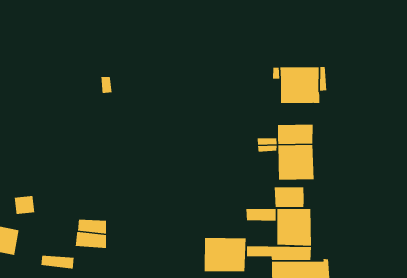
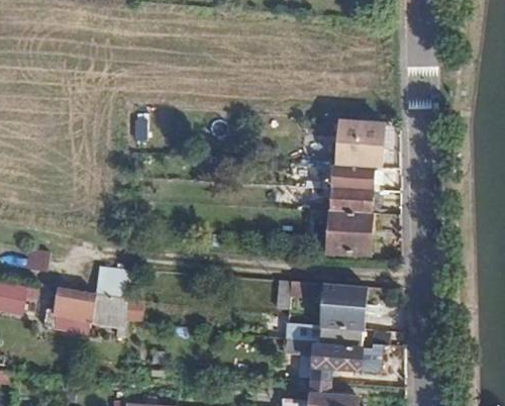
building: none -> [330,165,373,190]
building: [274,186,304,208] -> none
building: none -> [53,289,94,323]
building: [204,237,247,272] -> none

